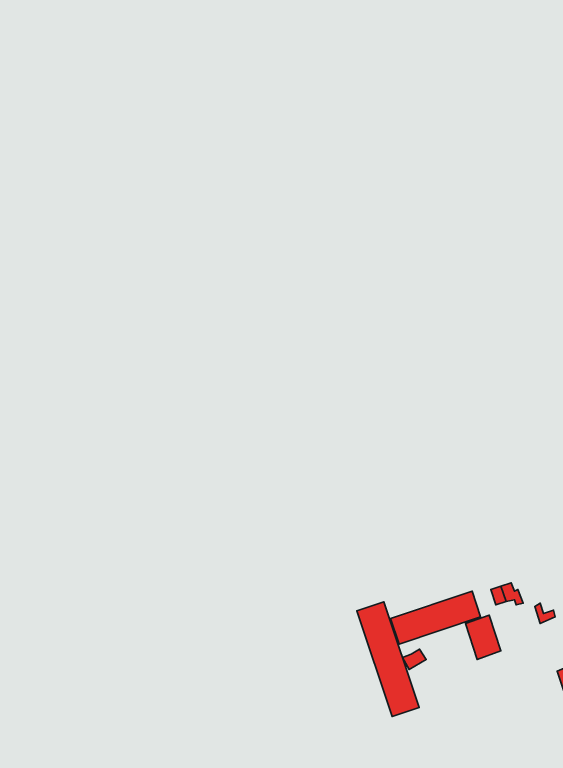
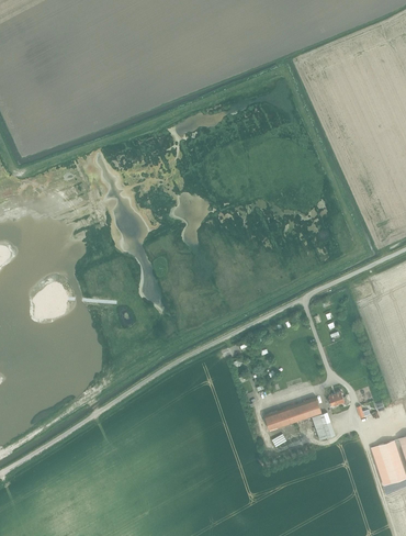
building: [357,602,419,717] -> none

